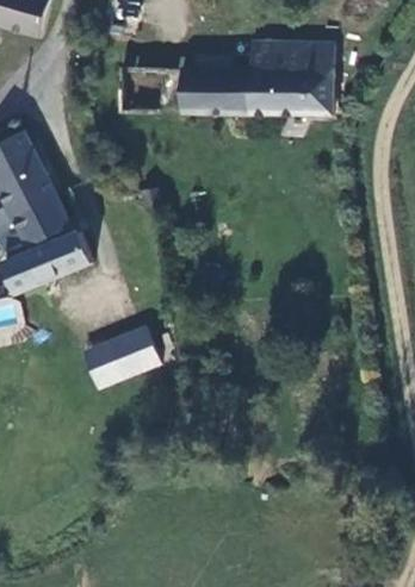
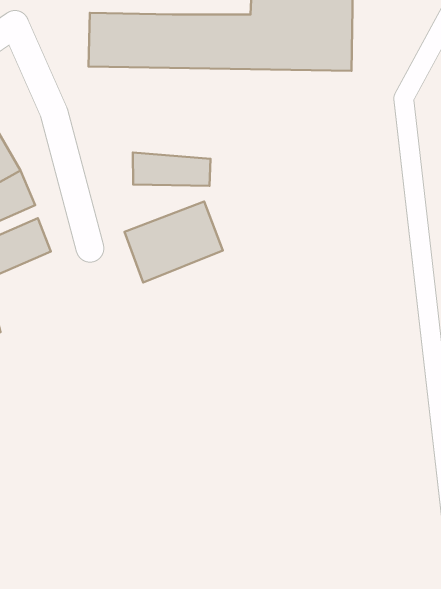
building: none -> [133,152,210,186]
building: [78,324,159,391] -> [125,201,223,282]

